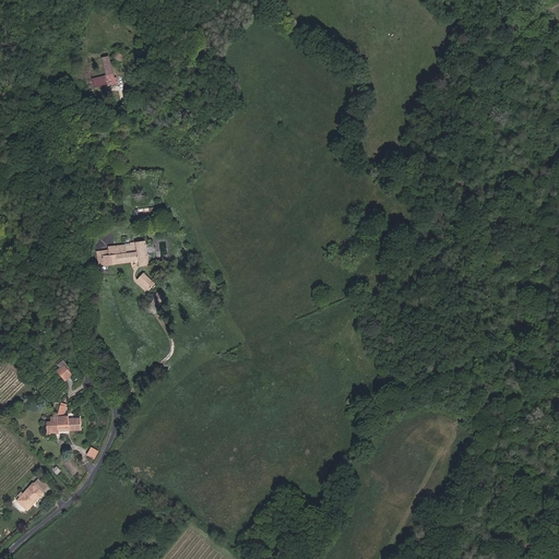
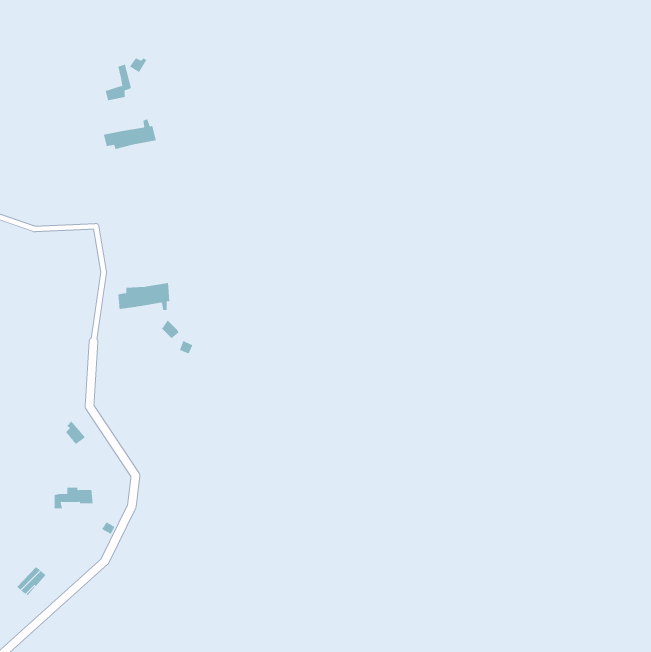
building: none -> [103,119,157,150]

